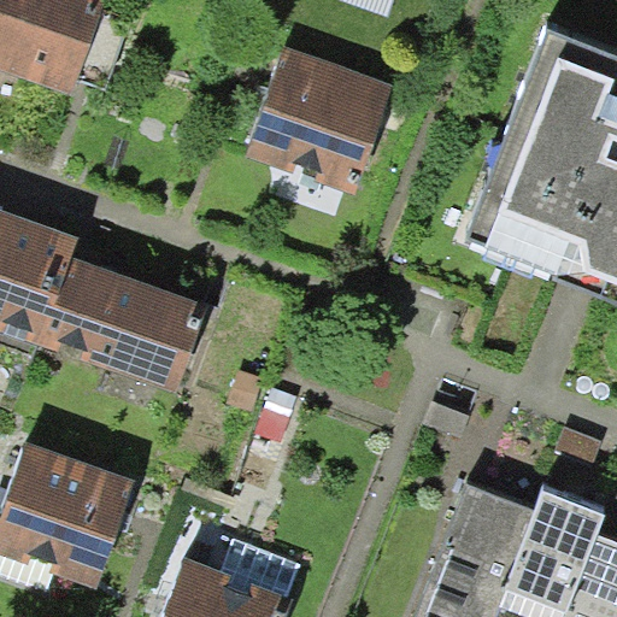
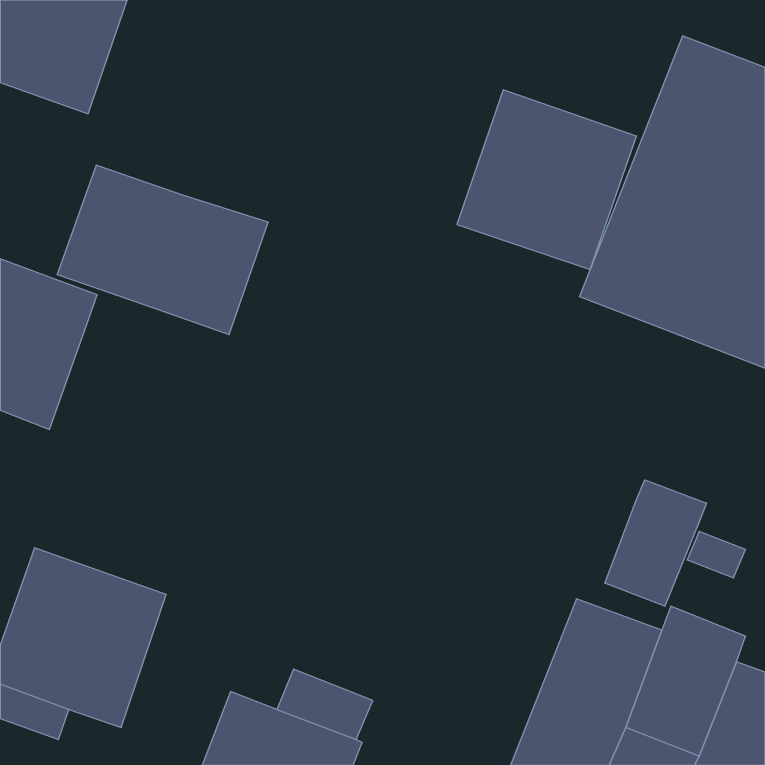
building: [246,47,390,192] -> [457,90,637,269]
building: [40,258,210,394] -> [57,165,268,334]
building: none -> [605,480,707,606]

